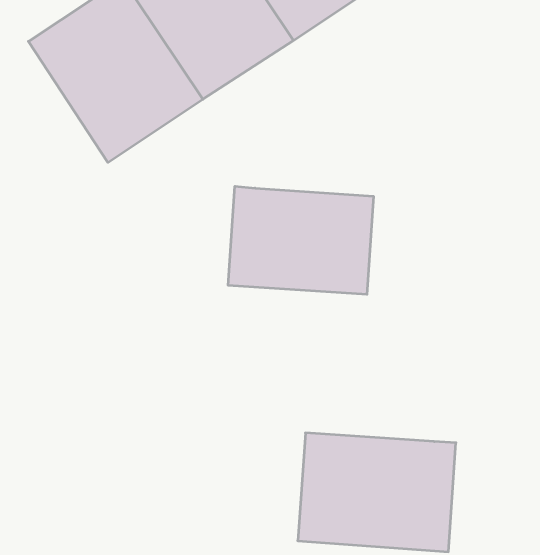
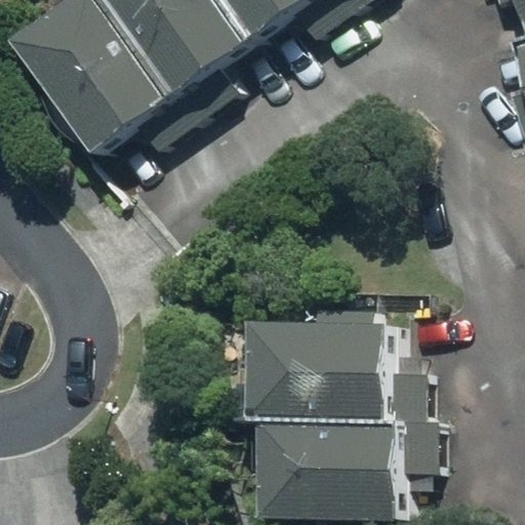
building: [228,186,373,294] -> none
building: none -> [272,310,415,415]

